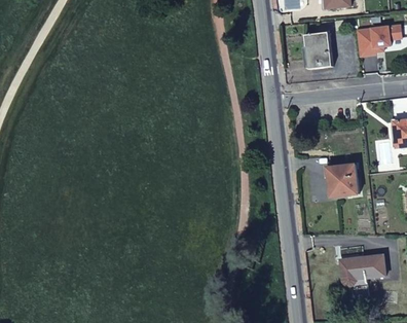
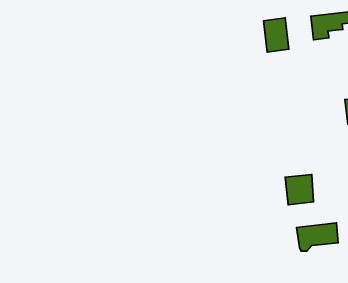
building: [327,164,358,196] -> [285,174,314,205]

